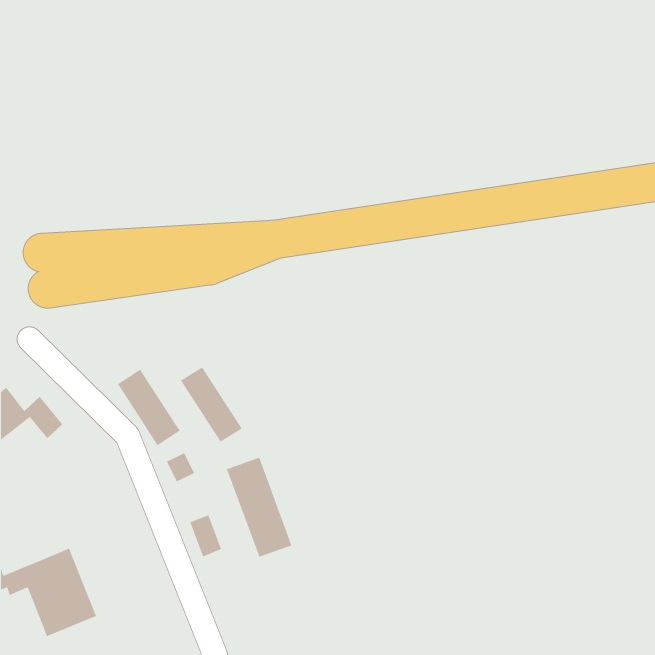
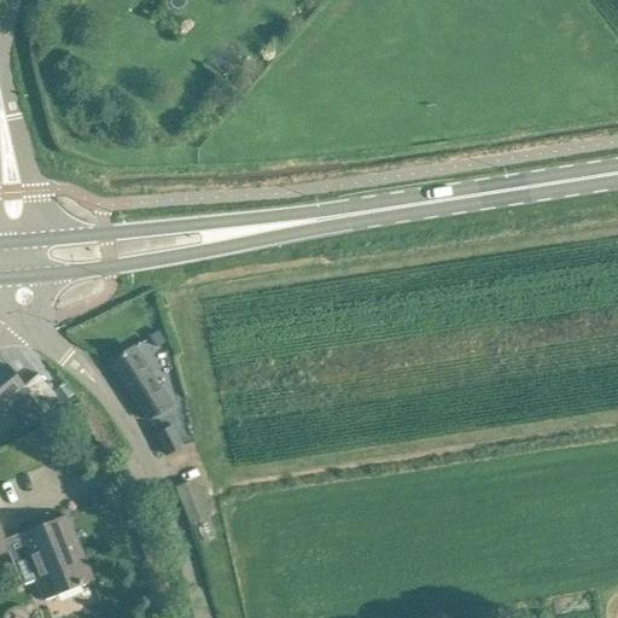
building: [180,366,243,443] -> none
building: [226,457,292,558] -> none

